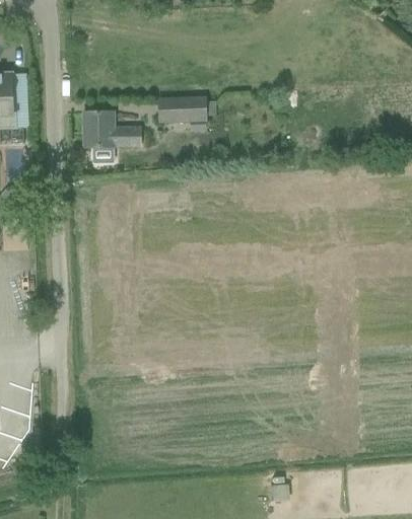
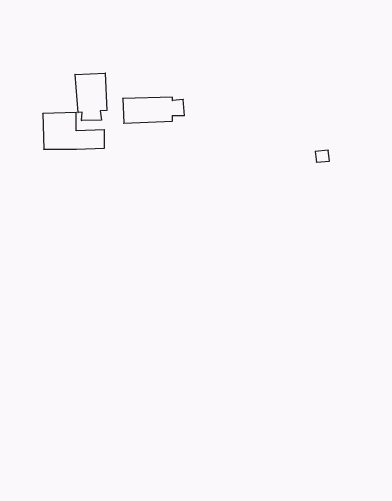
building: none -> [75,73,107,121]

